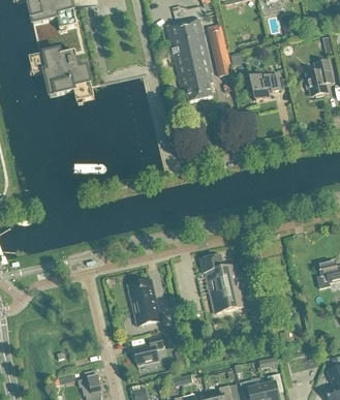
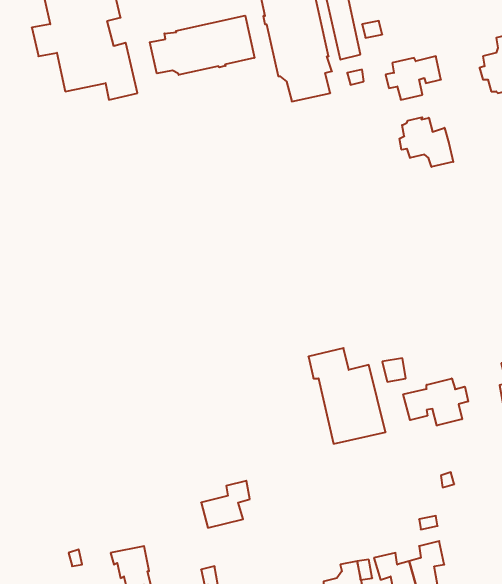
building: none -> [150,16,254,75]
building: none -> [399,117,453,167]
building: none -> [403,378,468,426]
building: [127,278,161,325] -> none

